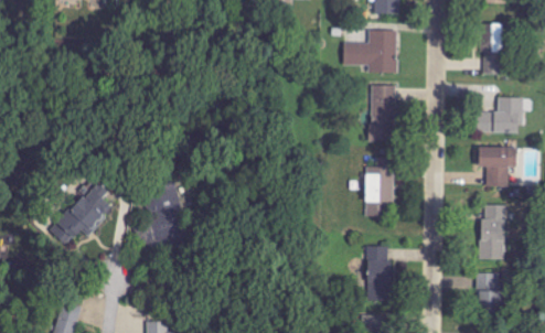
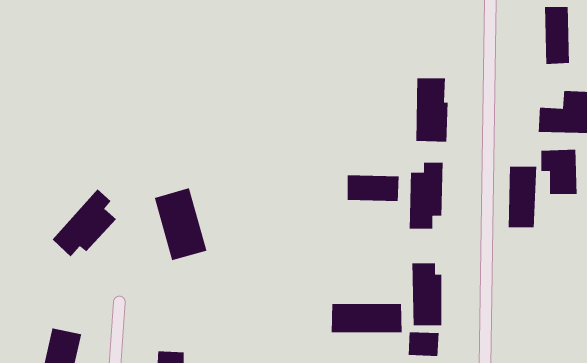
building: [343,30,396,73] -> none
building: none -> [347,174,400,202]
building: [480,204,505,258] -> [508,166,537,228]
building: [475,272,500,315] -> none
building: none -> [331,303,403,333]

